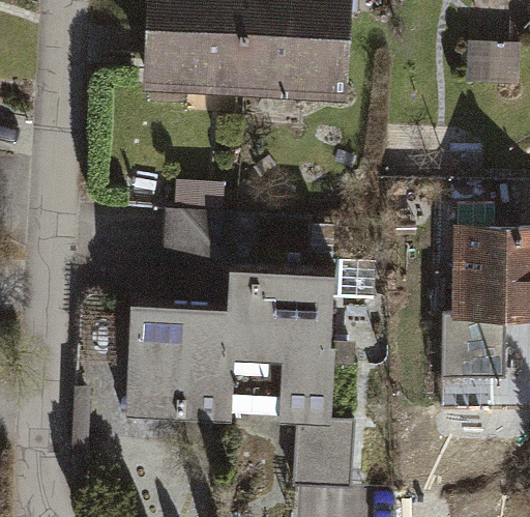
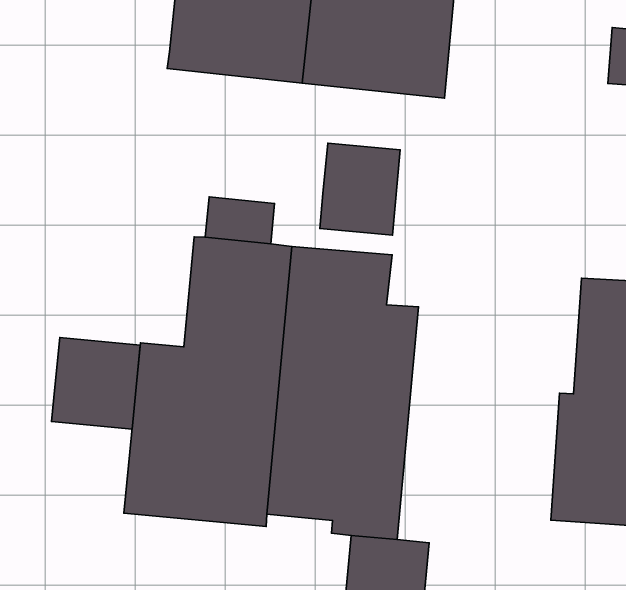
building: none -> [320,143,400,235]
building: none -> [52,338,140,429]

